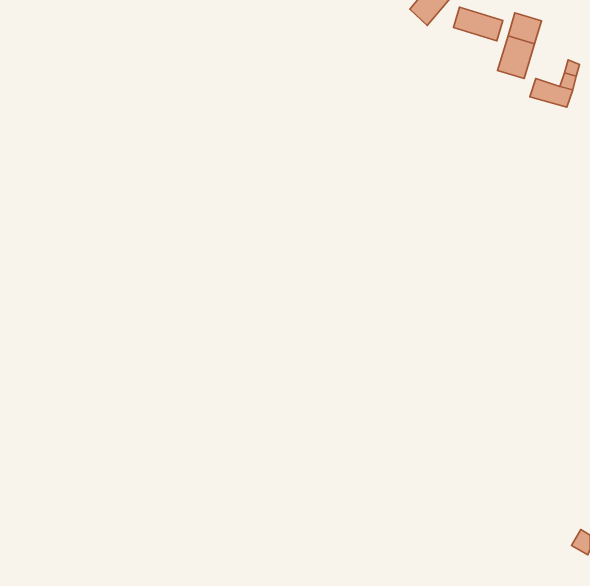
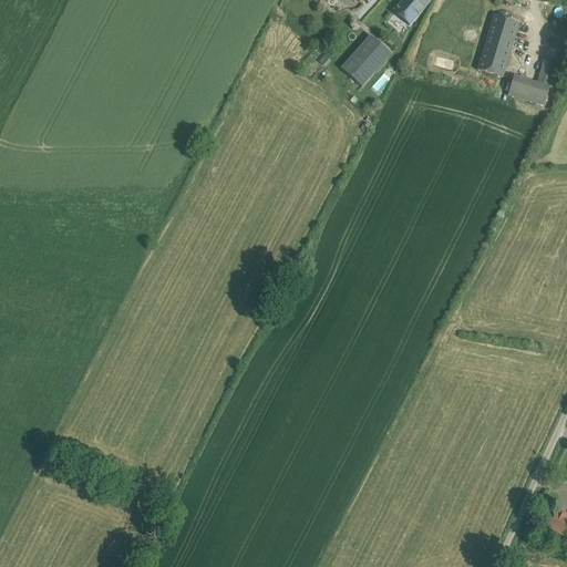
building: [453,7,503,41] -> none
building: none -> [341,33,391,85]

